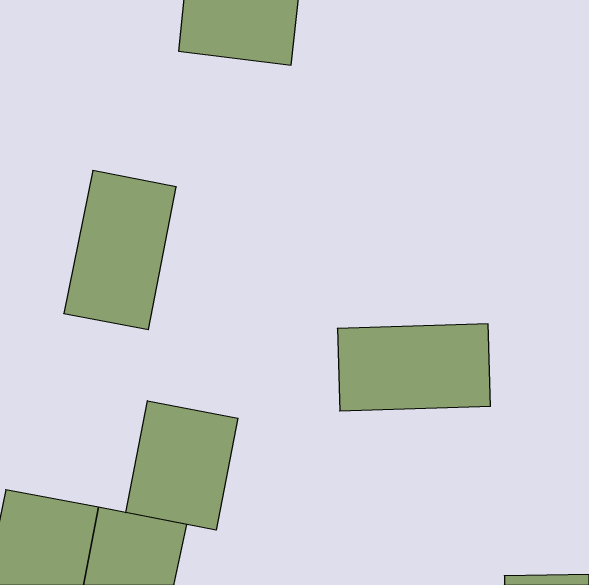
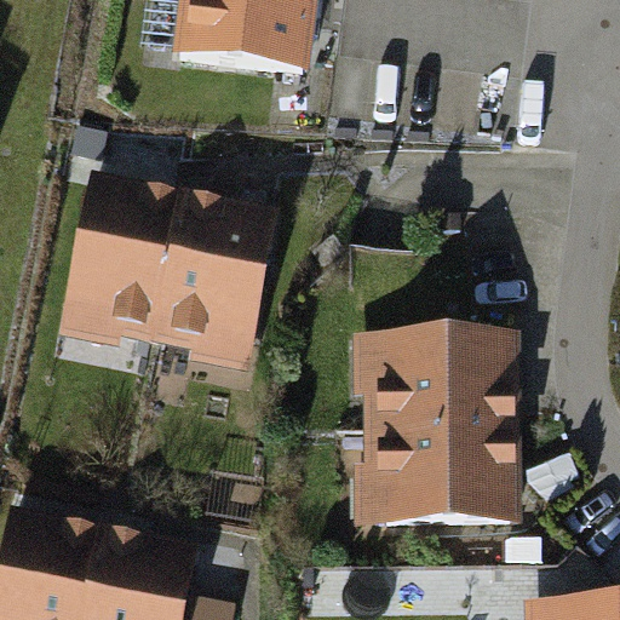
building: none -> [155,195,275,361]
building: [126,401,238,530] -> none
building: none -> [355,424,515,526]

